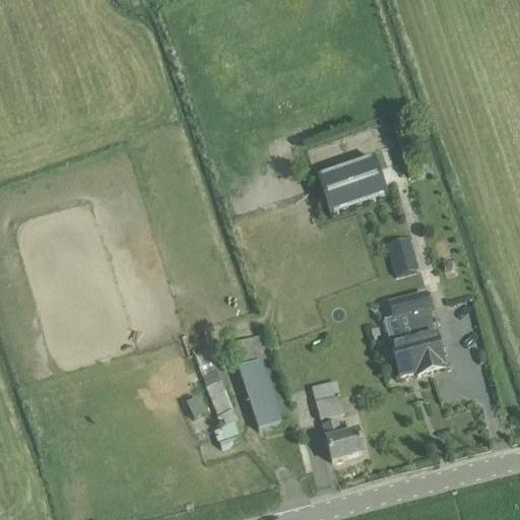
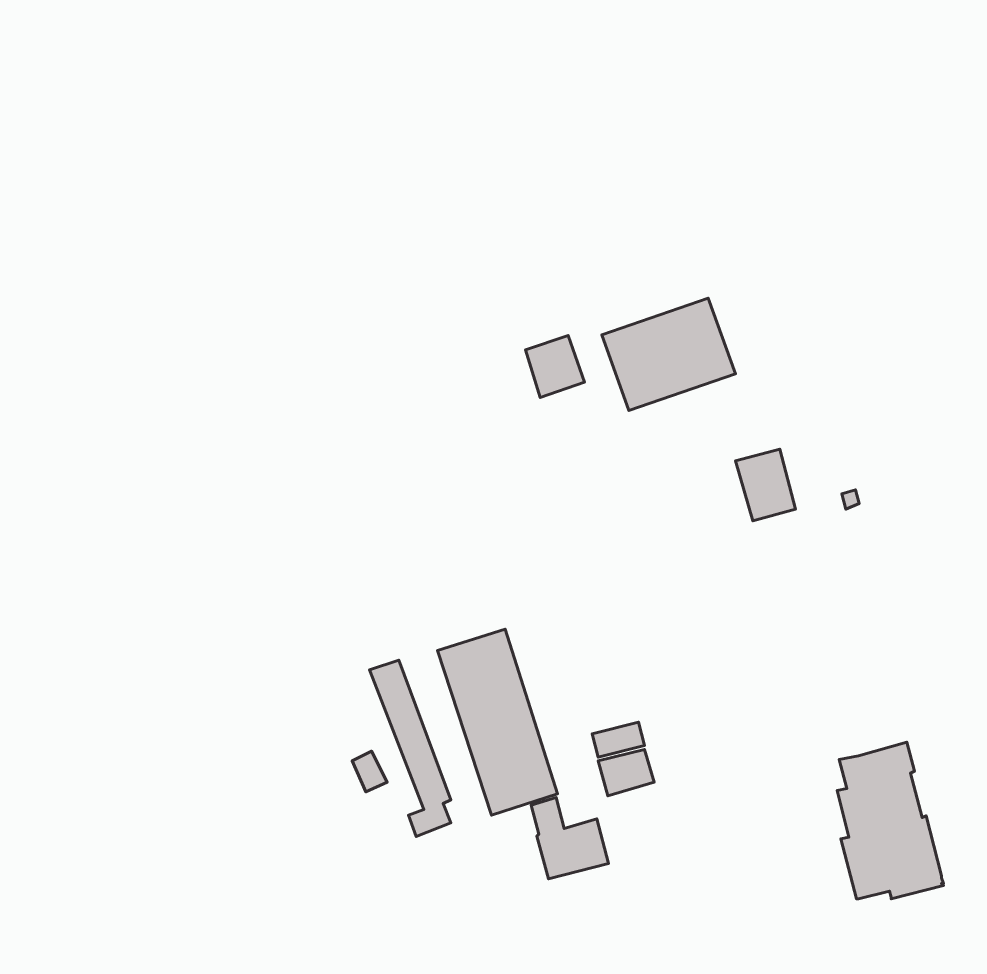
building: none -> [526,335,584,397]
building: [388,290,444,373] -> [837,742,944,899]
building: [322,416,363,459] -> [531,798,609,879]

